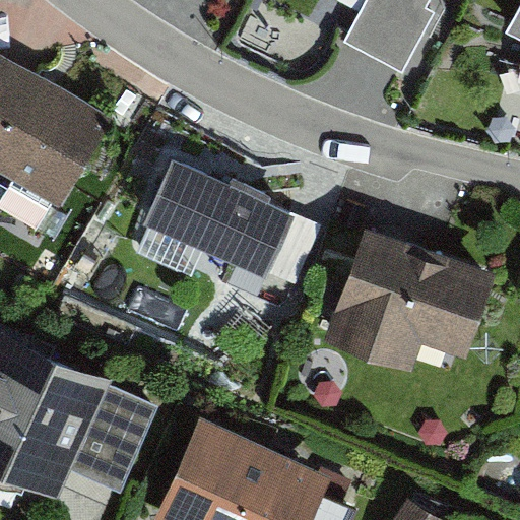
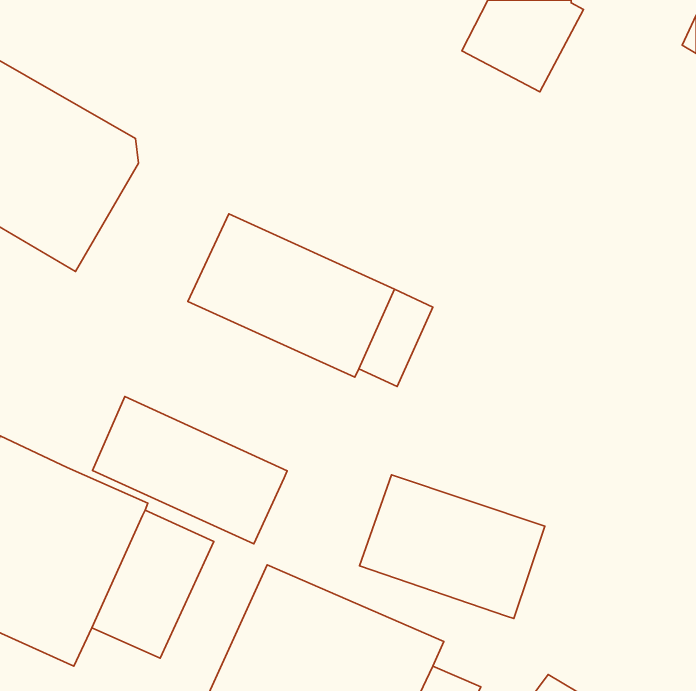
building: [324,224,494,371] -> none
building: none -> [93,397,287,544]
building: none -> [359,475,545,619]

